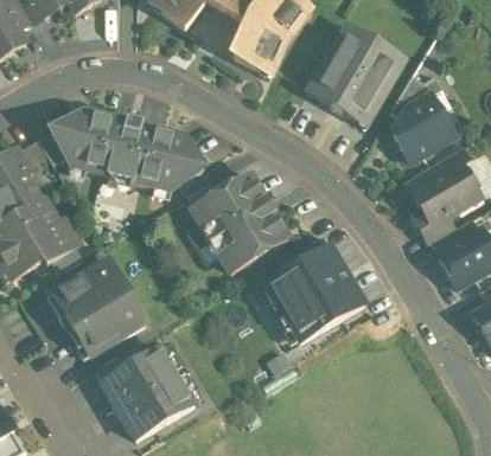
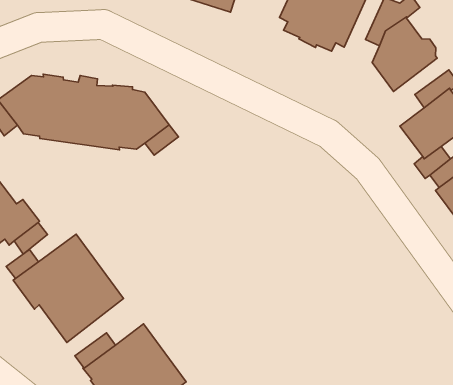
building: [192,174,288,272] -> none
building: [266,246,364,339] -> none

